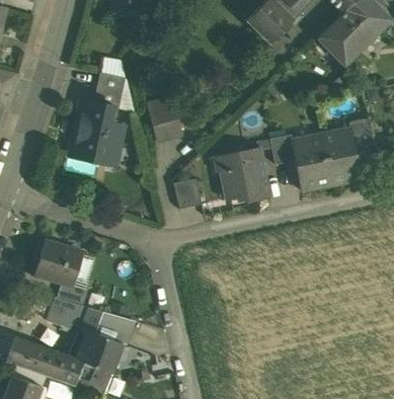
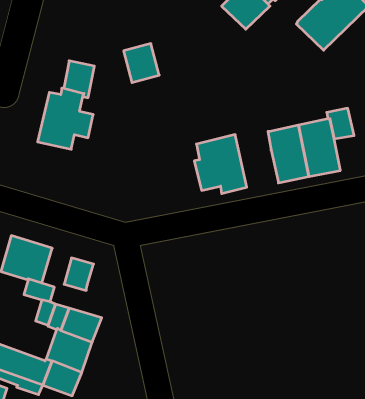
building: [148,103,182,141] -> [124,44,159,83]
building: [269,134,295,163] -> none
building: [173,176,202,208] -> none
building: [46,297,74,328] -> [64,258,94,290]

